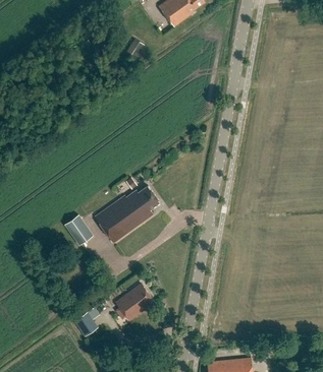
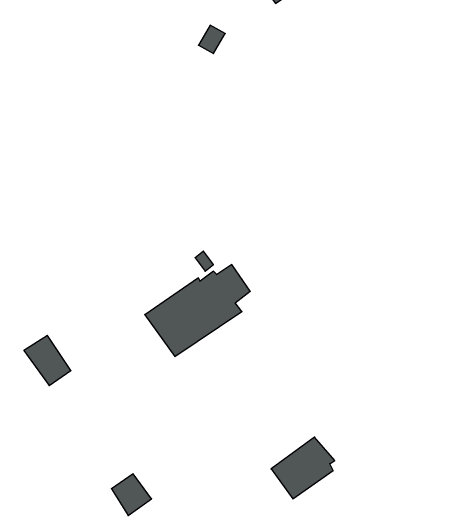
building: [64,214,93,245] -> [24,335,71,386]
building: [115,283,154,320] -> [271,437,335,499]

